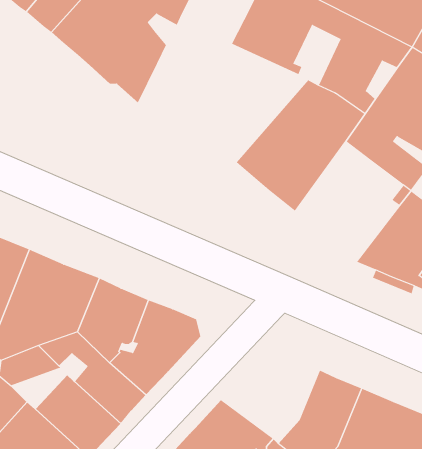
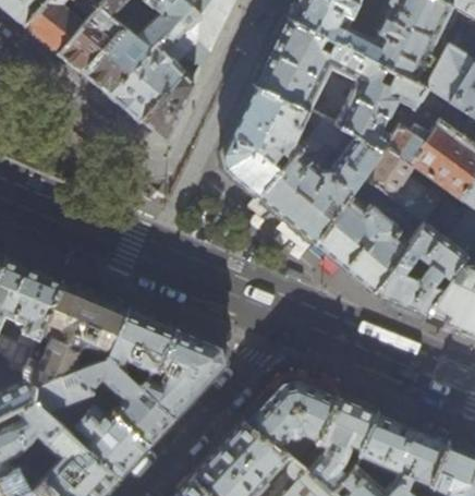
building: none -> [221,85,327,197]
building: none -> [315,178,406,292]
building: none -> [244,378,338,464]

